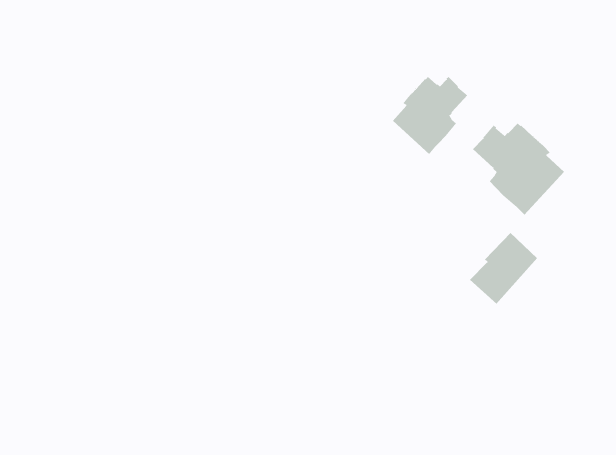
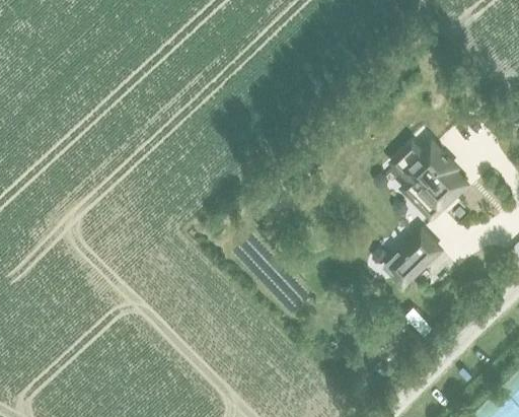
building: [392,76,468,155] -> none

